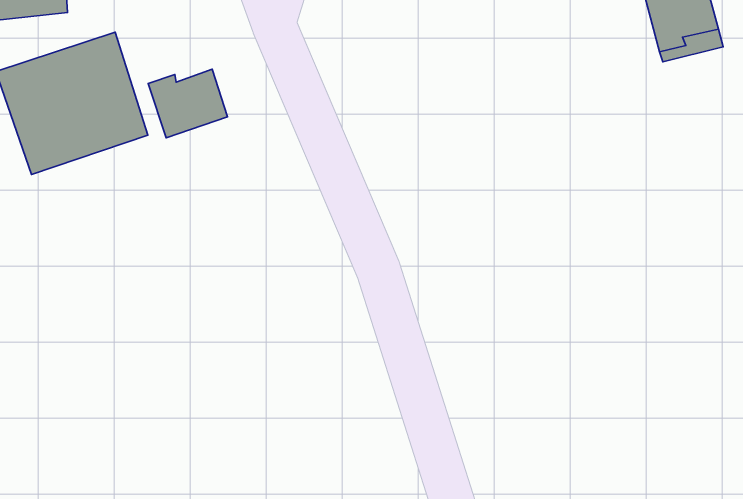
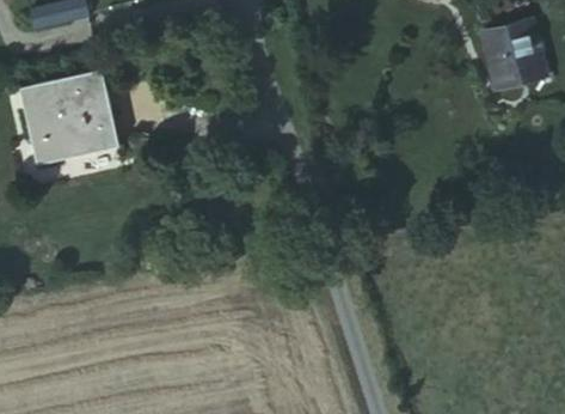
building: [148,69,227,138] -> none

